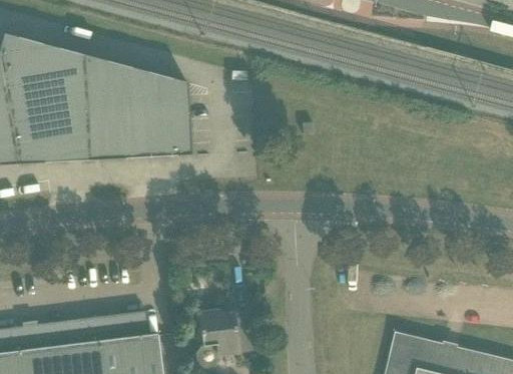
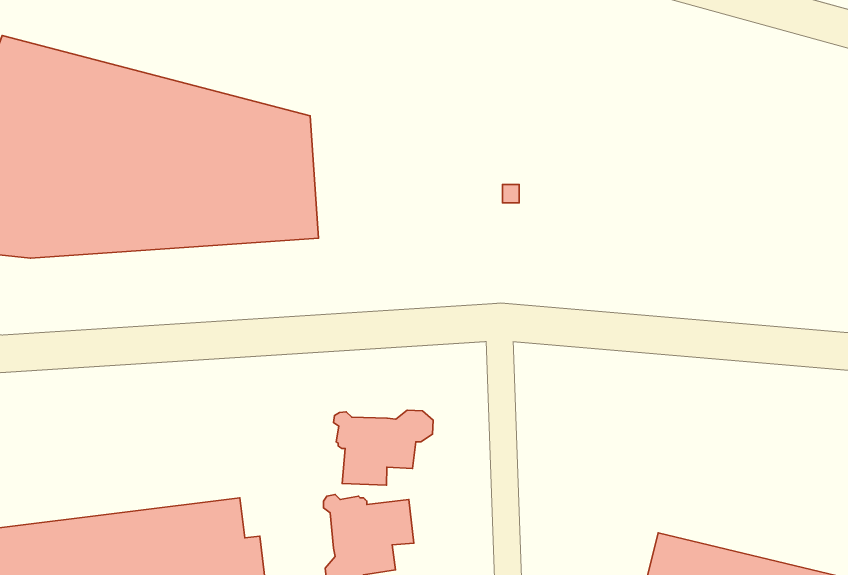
building: none -> [333,410,433,485]

